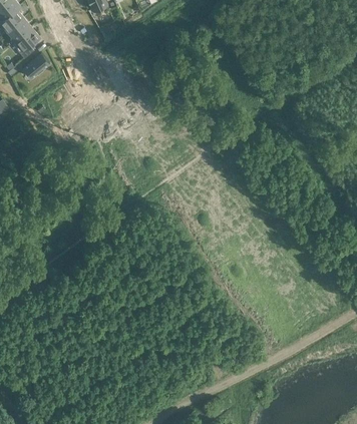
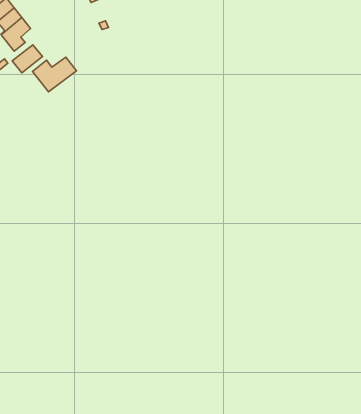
building: none -> [32,57,76,92]

